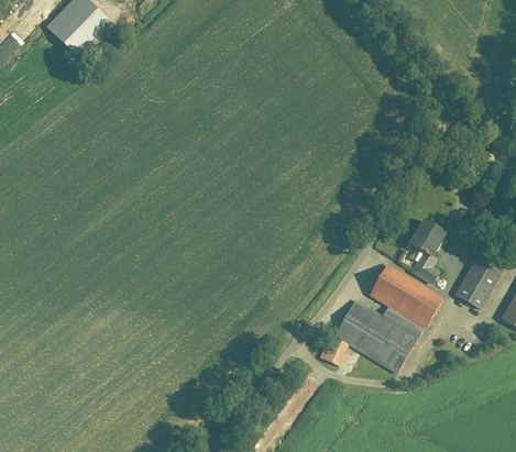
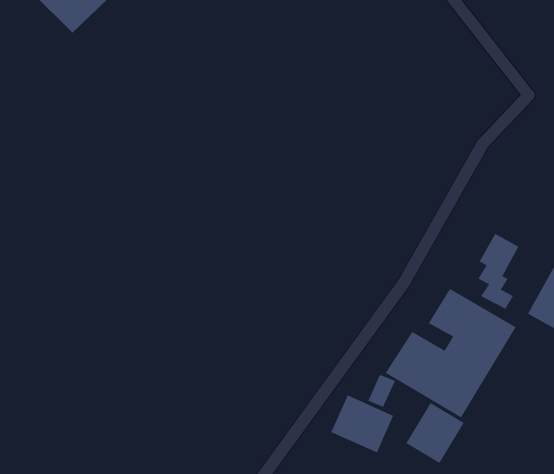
building: none -> [331,395,394,453]
building: none -> [406,402,464,464]

